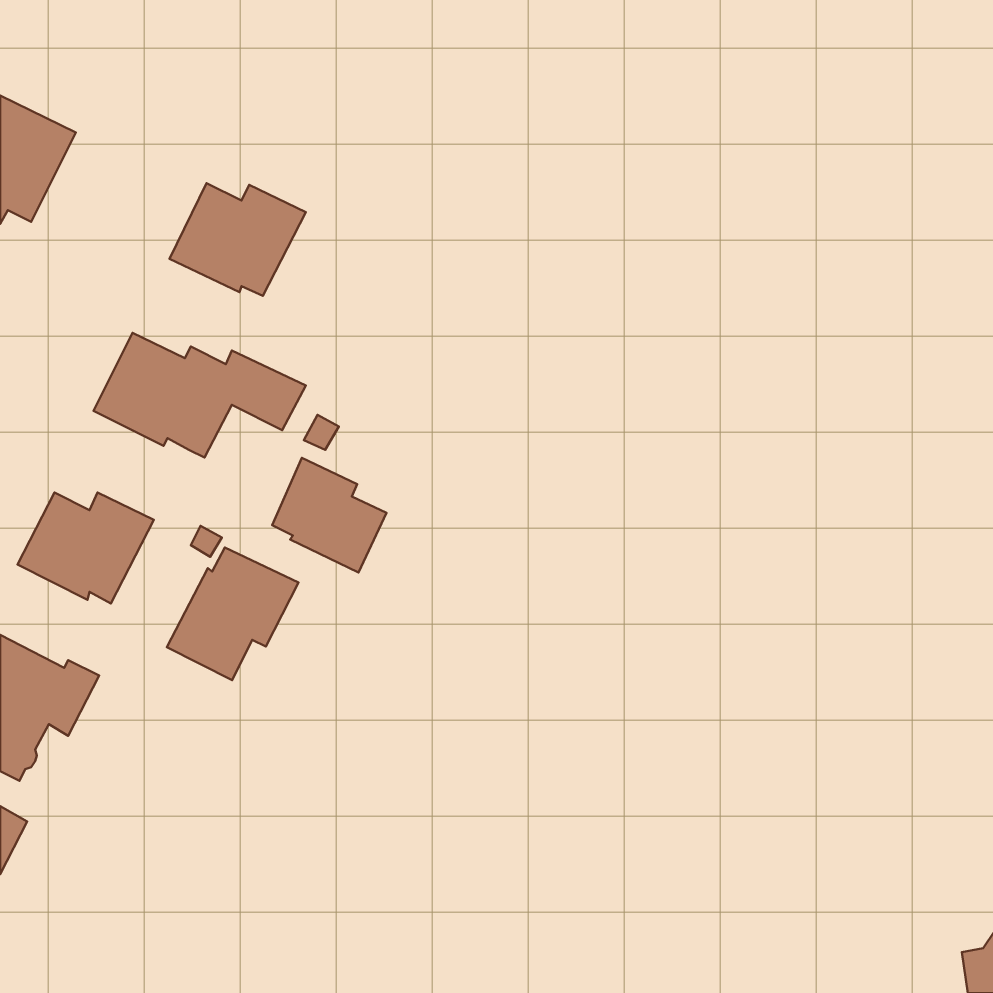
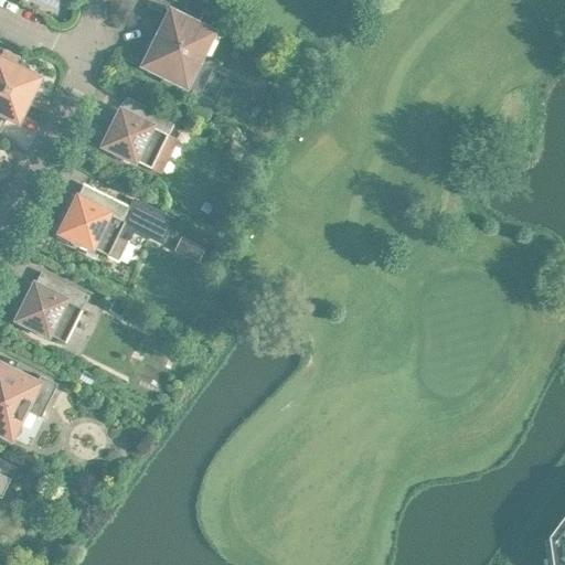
building: none -> [137,4,217,90]
building: [272,458,387,572] -> none
building: [167,548,298,680] -> none

